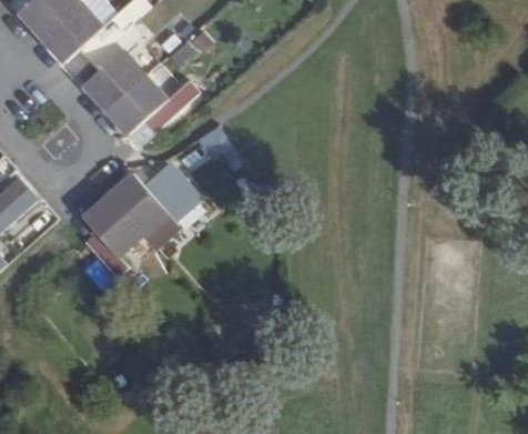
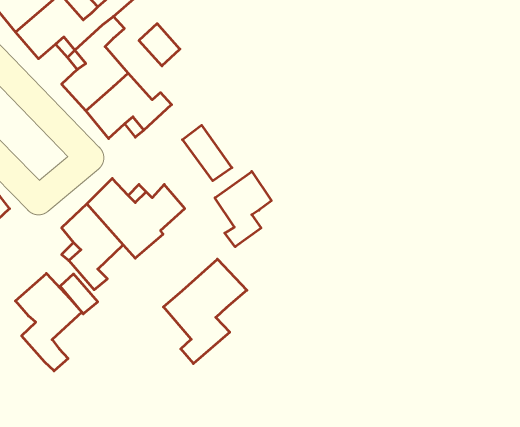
building: none -> [215,171,271,247]
building: none -> [163,259,247,364]
building: none -> [15,273,82,371]

